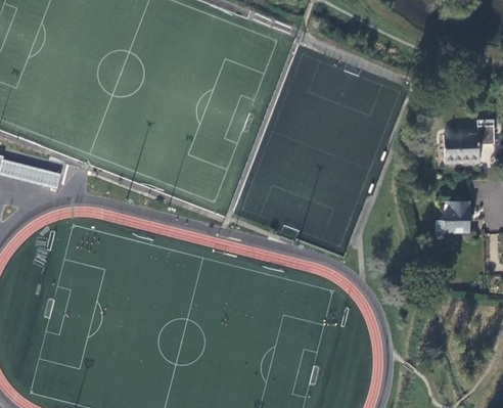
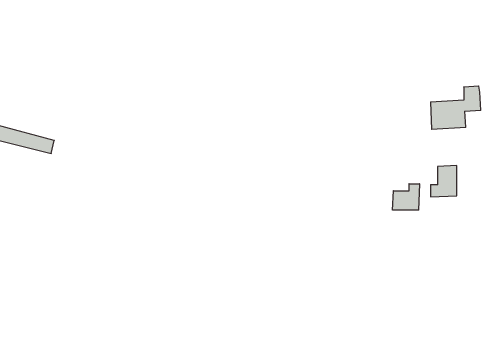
building: none -> [393,184,419,210]

